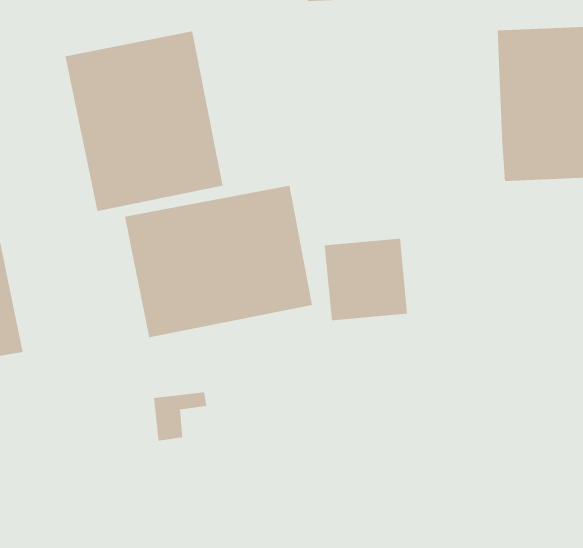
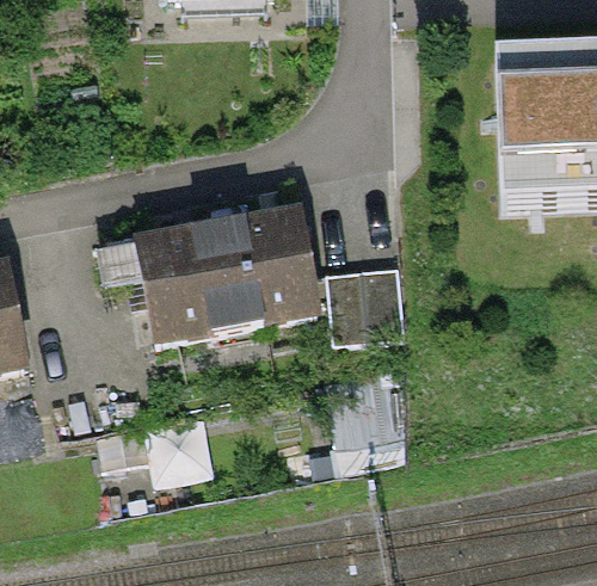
building: [65,31,223,212] -> none

